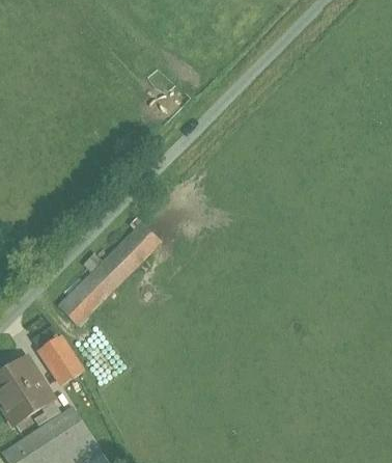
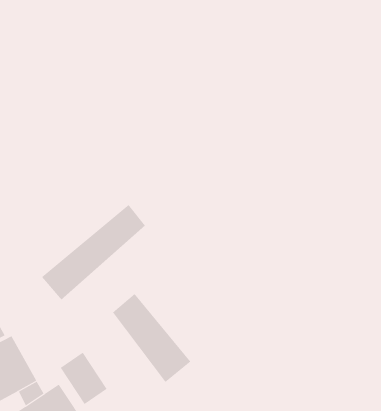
building: none -> [112,293,191,383]
building: [38,333,85,385] -> [60,352,107,405]

